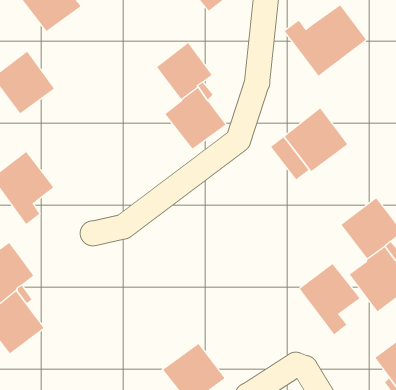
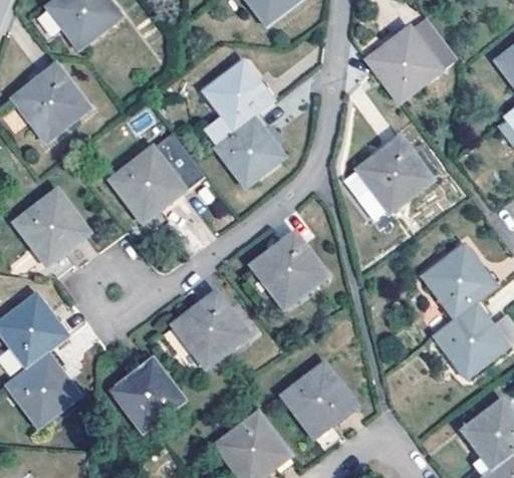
building: none -> [115,131,207,230]
building: none -> [249,232,324,309]
building: none -> [174,292,246,368]
building: [299,263,360,335] -> [281,365,353,449]
building: none -> [110,357,184,431]

